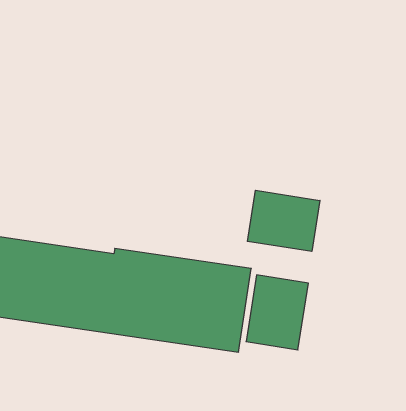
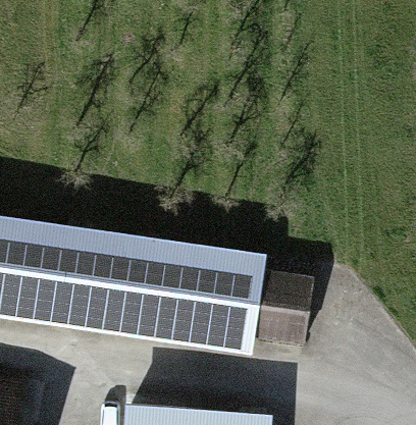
building: [247,190,320,251] -> none

